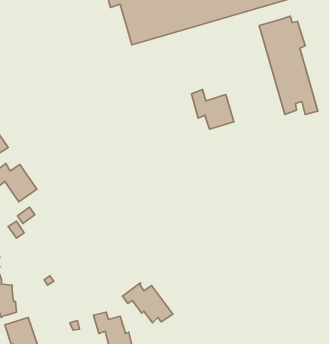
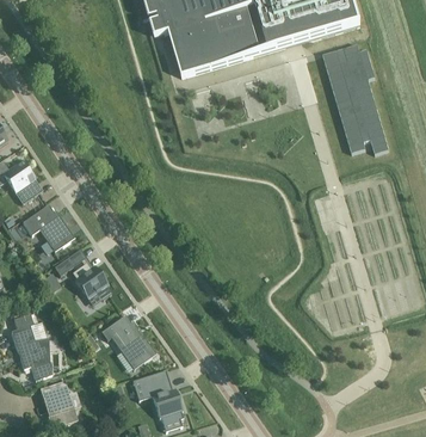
building: [191,90,234,129] -> none
building: none -> [70,261,110,297]
building: [123,283,173,323] -> [100,318,156,362]

